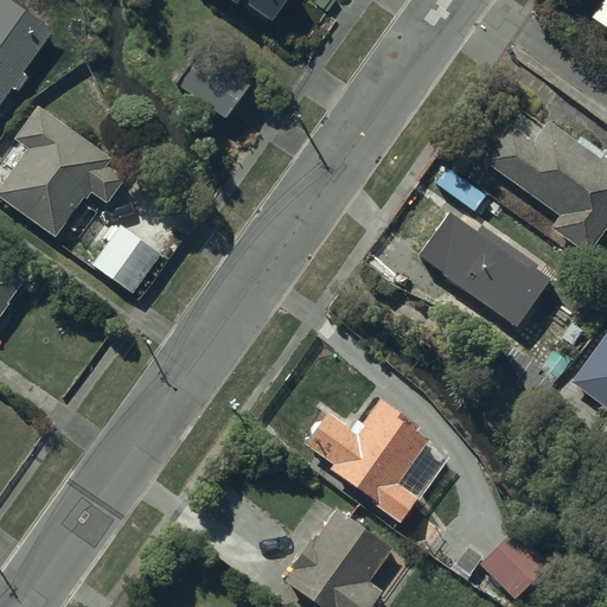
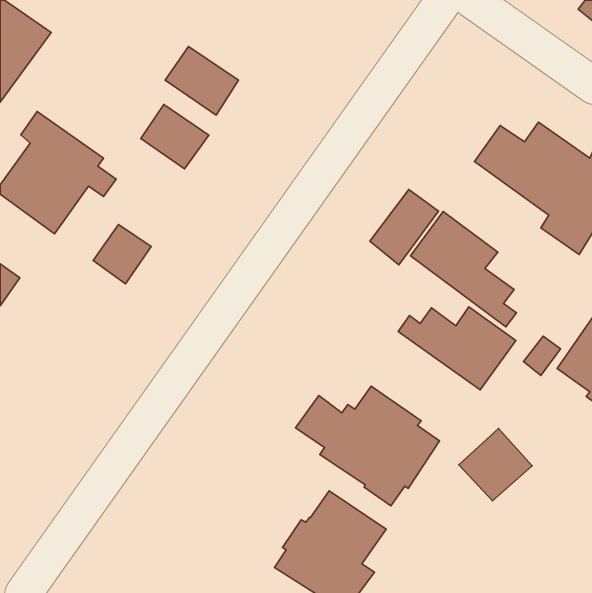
building: none -> [141,104,209,169]
building: none -> [370,189,439,265]
building: none -> [398,307,516,390]
building: [479,522,554,595] -> [459,429,532,501]

